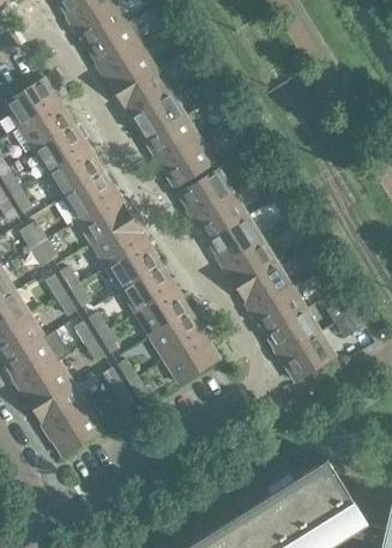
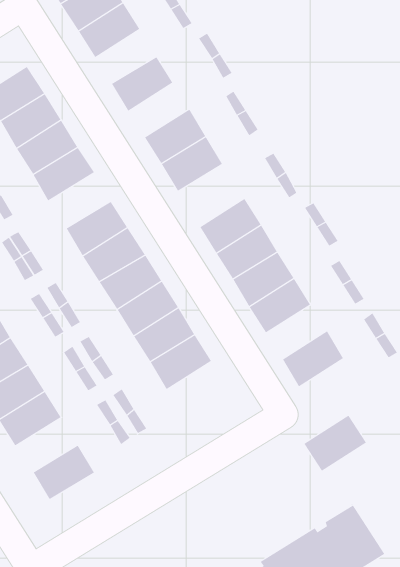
building: [102,46,156,94] -> none
building: [131,92,185,140] -> none
building: [177,169,233,218] -> none
building: [61,170,116,219] -> none
building: [251,285,304,333] -> none
building: [279,332,334,381] -> [304,415,367,471]
building: [164,335,218,384] -> none
building: [32,384,88,432] -> none

